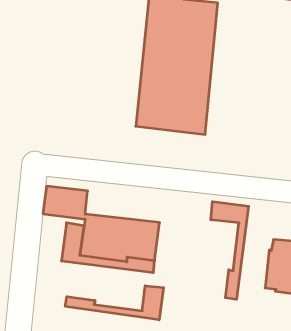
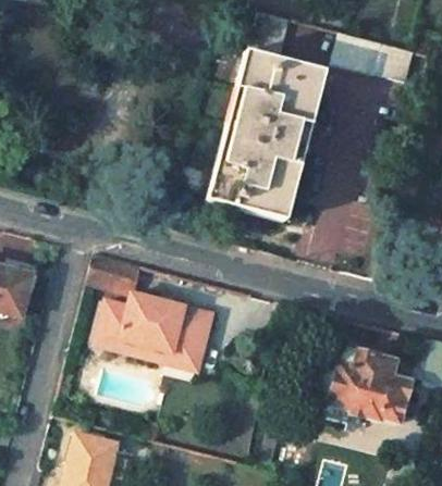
building: [211,202,249,299] -> none
building: [65,286,164,320] -> none

